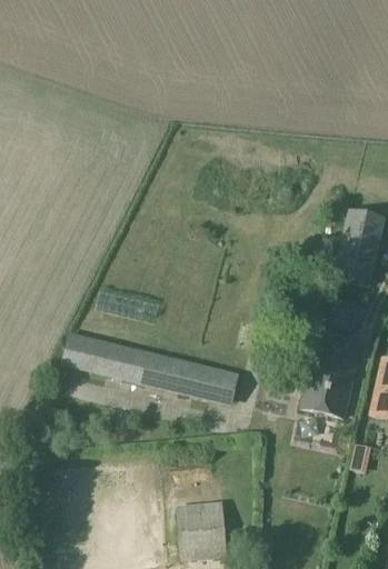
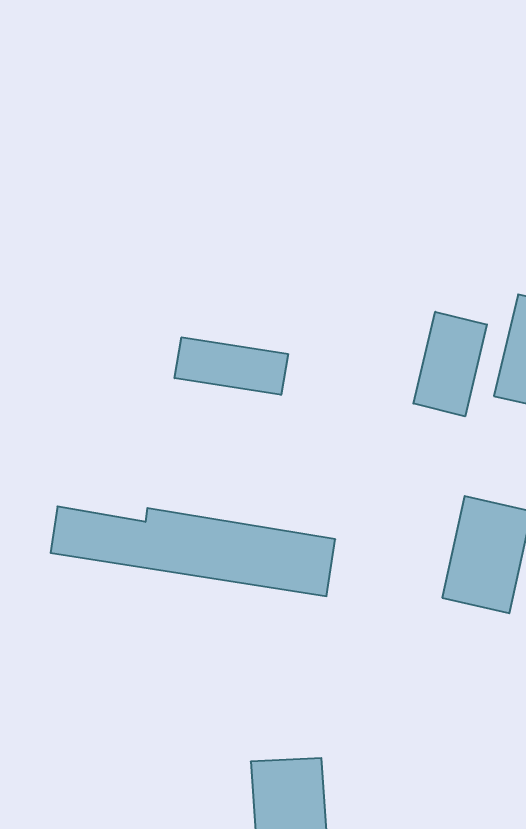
building: none -> [413,312,487,416]
building: none -> [175,337,288,395]

